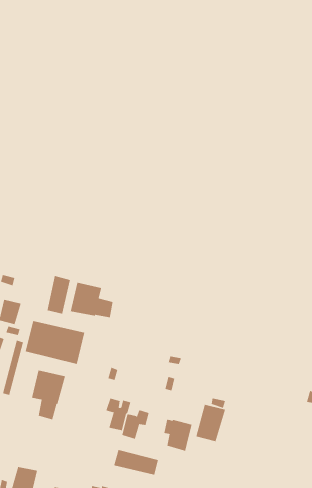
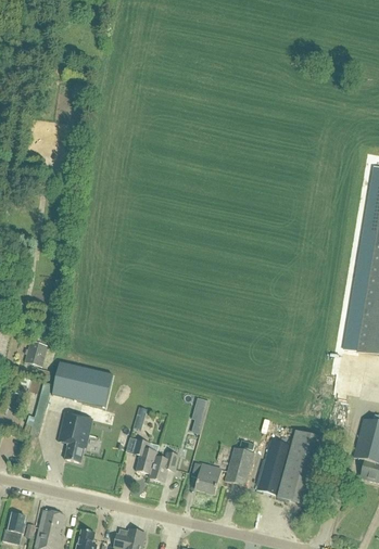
building: [47,275,71,315] -> none
building: [70,282,113,318] -> none
building: none -> [255,430,326,505]
building: [113,449,159,475] -> none

